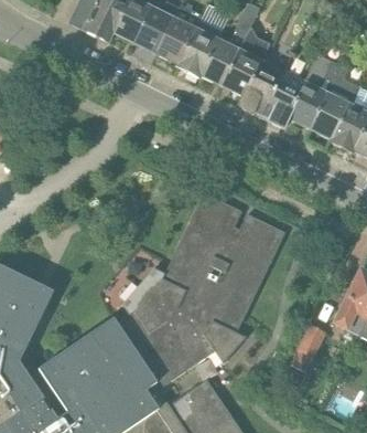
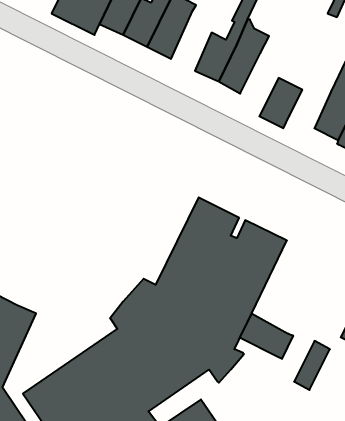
building: [176,20,220,77] -> none
building: [288,54,332,128] -> none
building: [238,59,283,117] -> none
building: none -> [240,314,293,359]

